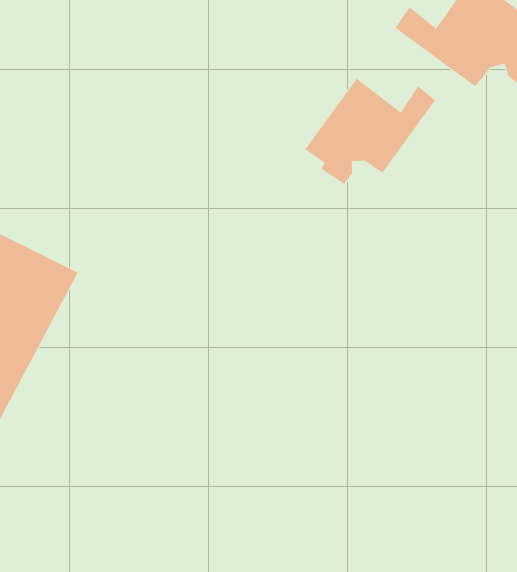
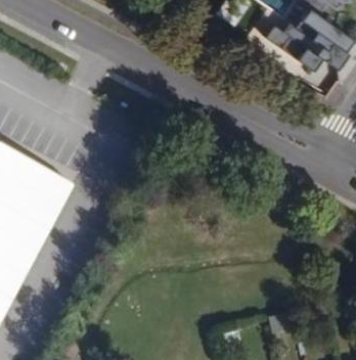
building: [305,78,436,185] -> none

